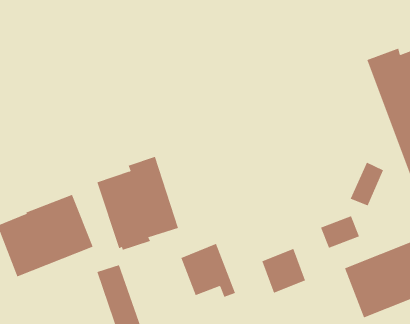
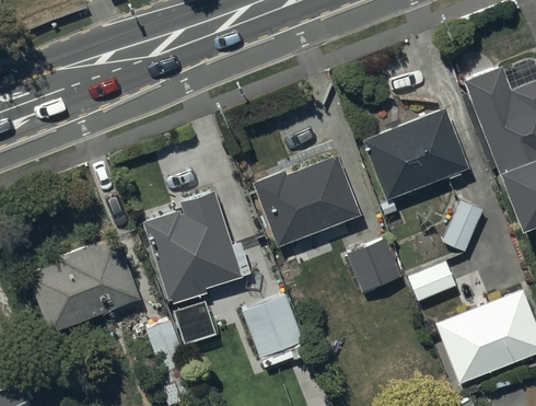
building: none -> [364,108,466,216]
building: none -> [254,155,360,246]
building: [262,248,306,293] -> [348,237,400,291]

